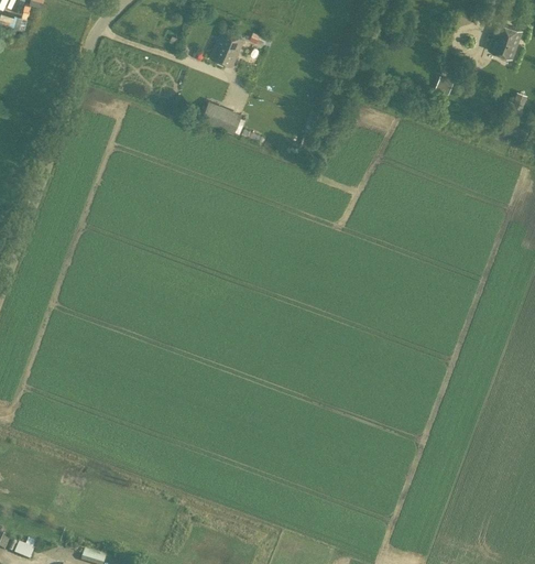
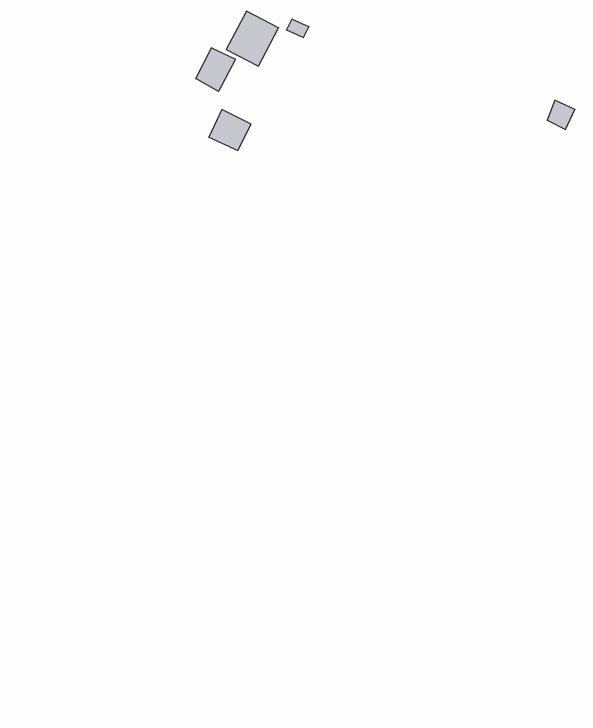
building: none -> [196,48,235,91]

